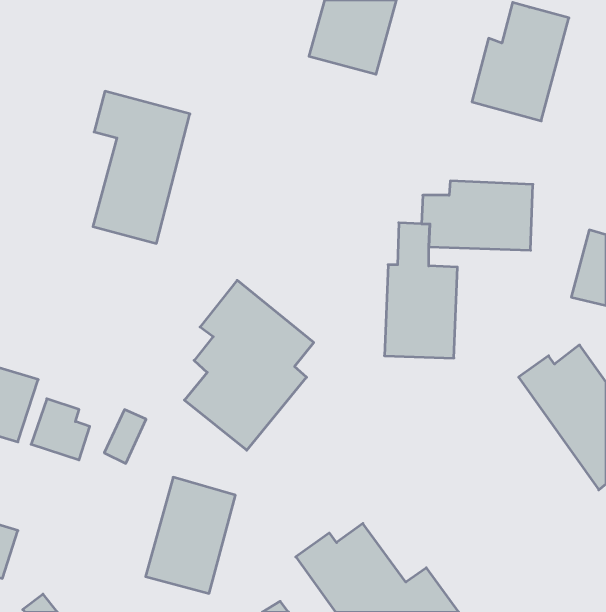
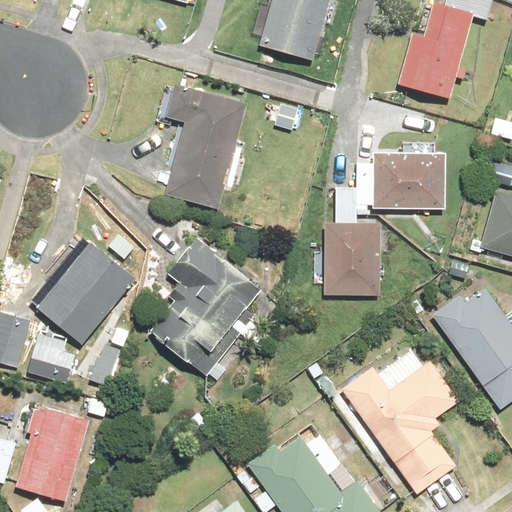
building: [93,91,190,243] -> [164,82,245,209]
building: none -> [30,235,137,344]
building: none -> [339,361,457,495]
building: [146,477,235,593] -> [15,405,90,502]

